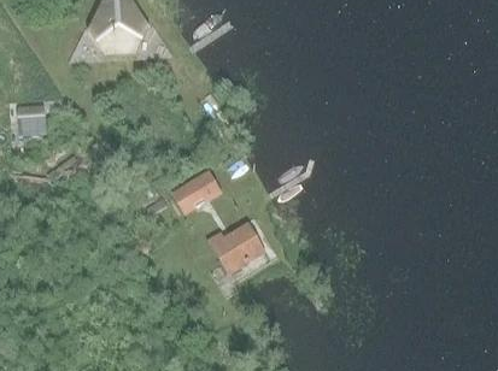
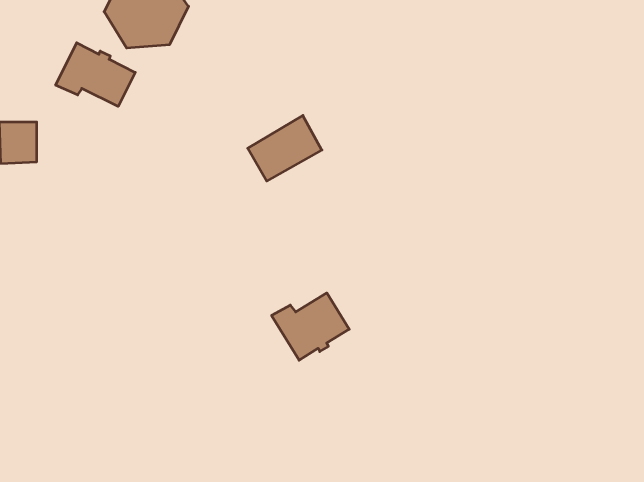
building: none -> [56,43,135,106]
building: [172,167,224,213] -> [248,115,322,181]

